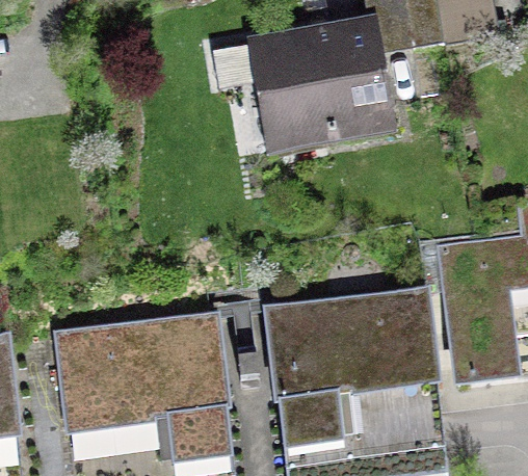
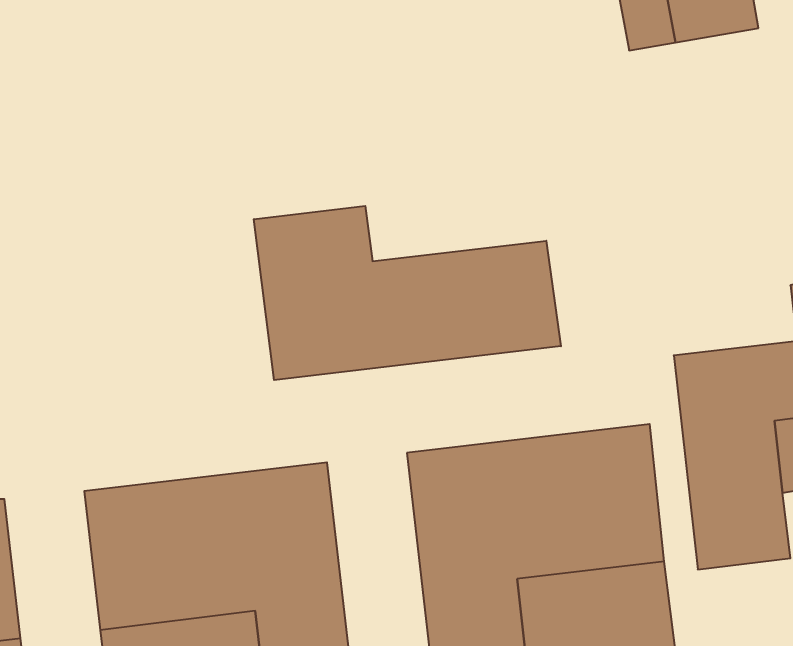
building: [211,19,394,135] -> none
building: none -> [254,206,561,380]

